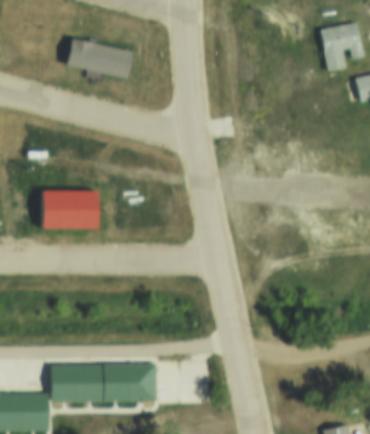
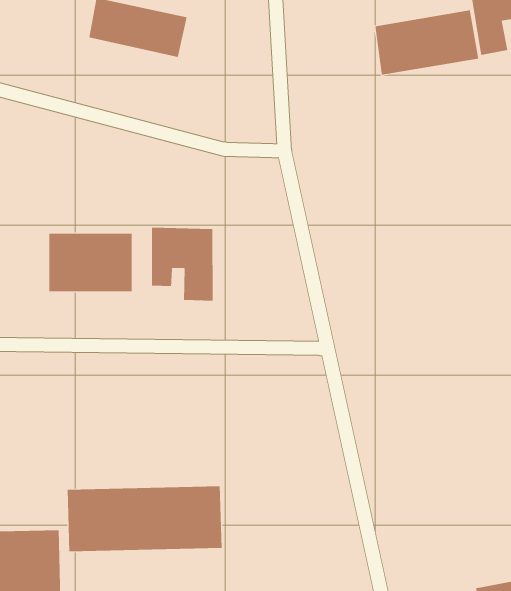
building: none -> [375,9,479,76]
building: none -> [152,227,213,302]

